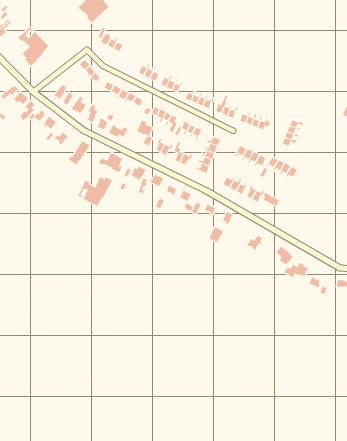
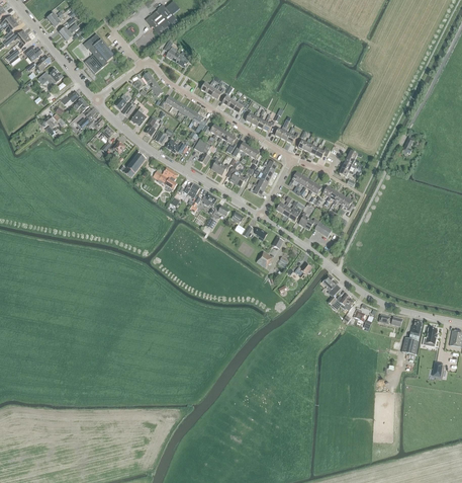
building: [78,176,113,207] -> none

